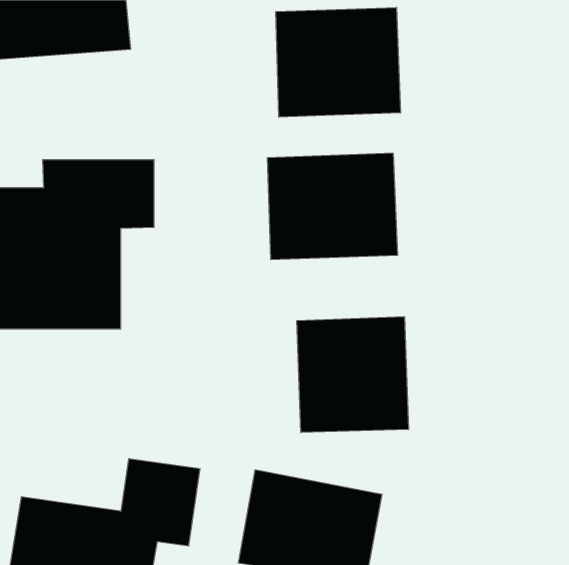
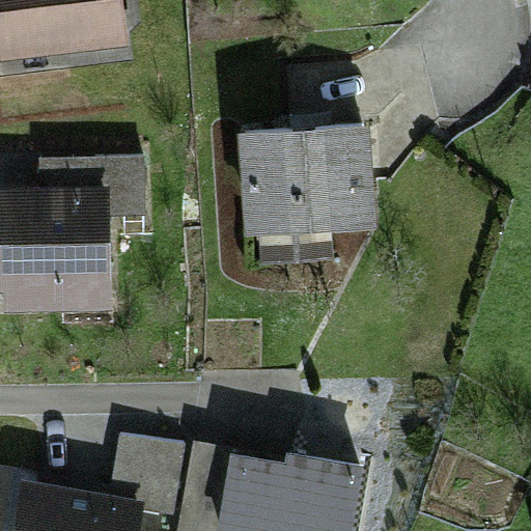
building: [276,7,401,117] -> none
building: [297,317,409,433] -> none

